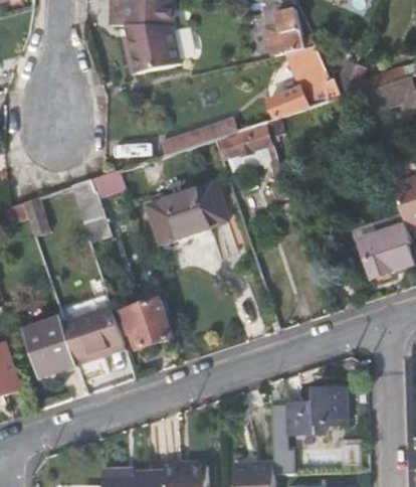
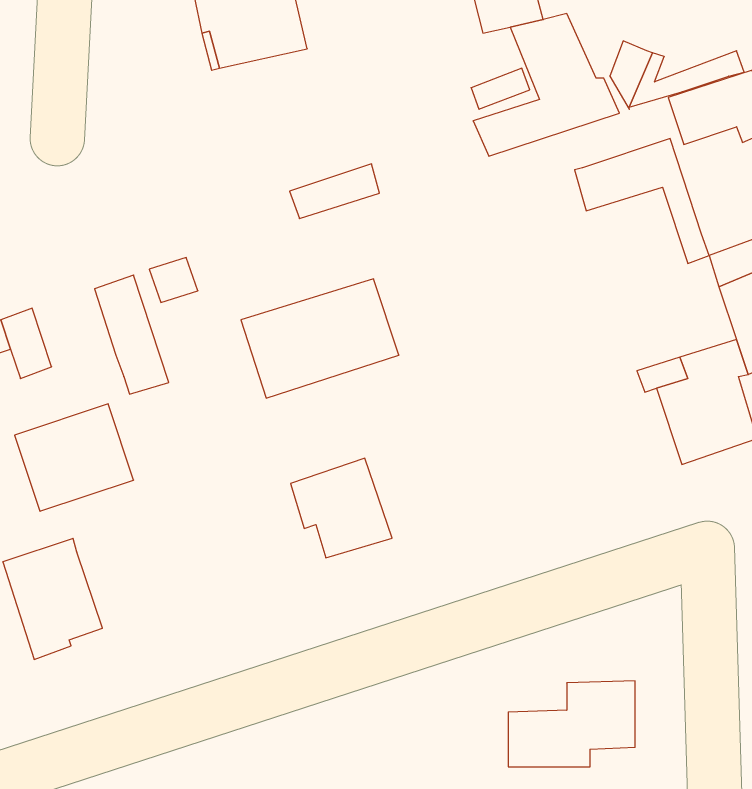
building: [216,123,285,187] -> [575,139,709,263]
building: [121,298,173,349] -> [291,458,392,558]
building: [62,307,124,362] -> [15,404,134,511]

